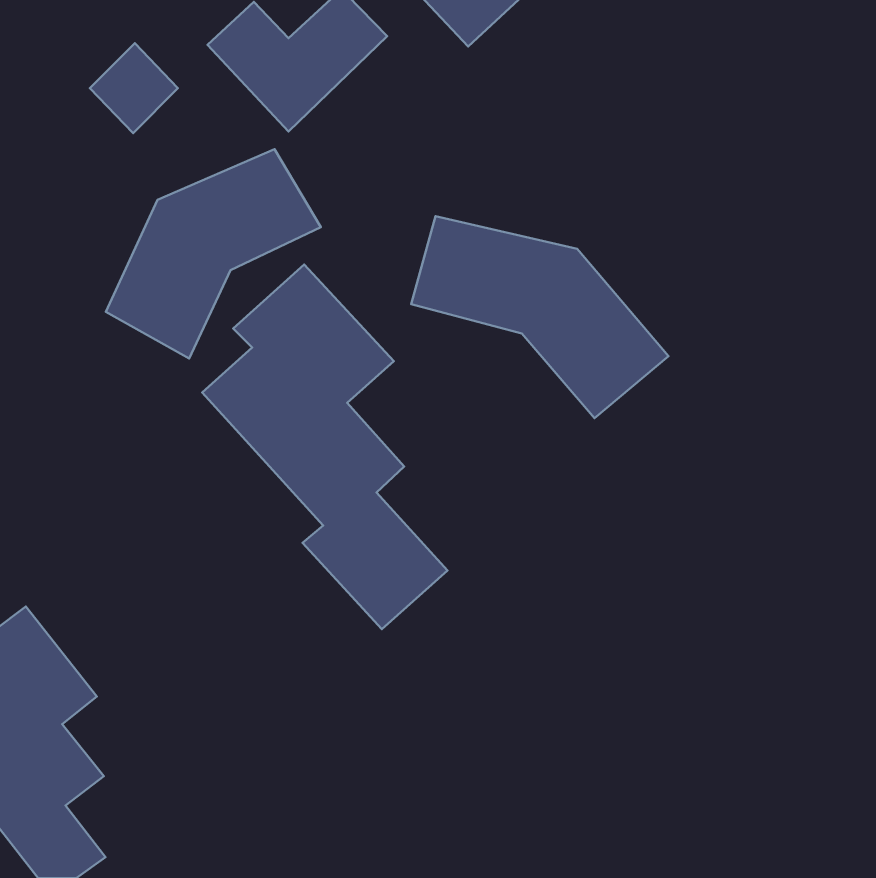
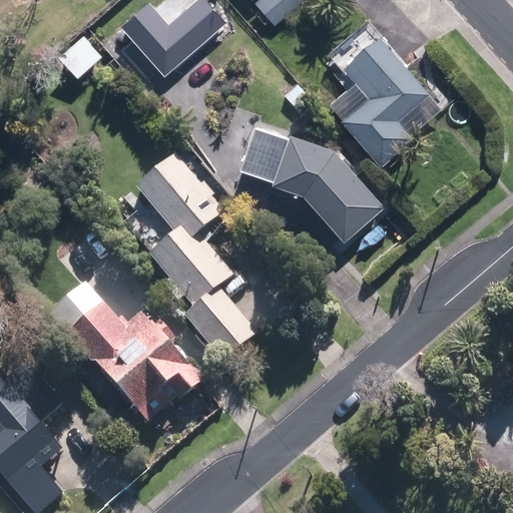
building: none -> [321,21,441,162]
building: [106,149,321,359] -> none
building: none -> [49,281,202,428]

